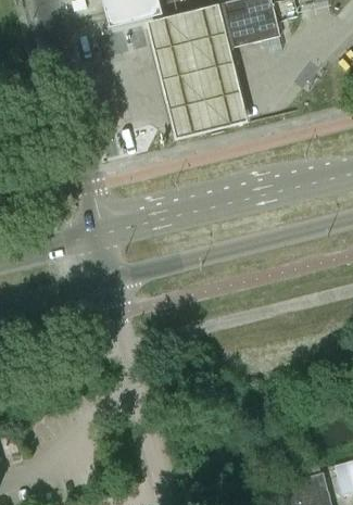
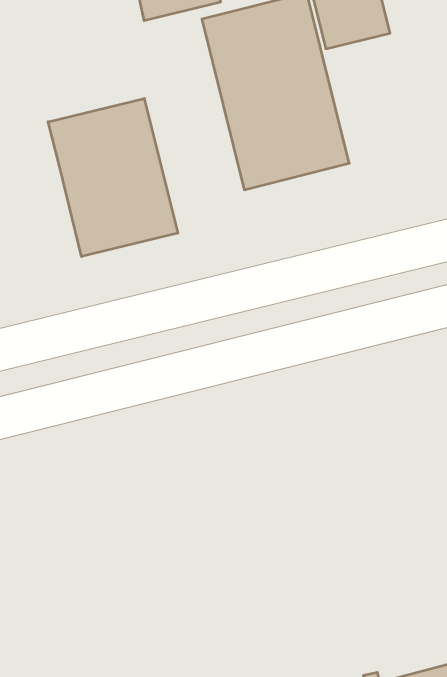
building: none -> [48,98,178,257]

